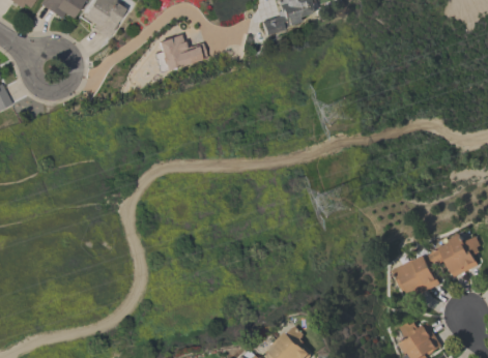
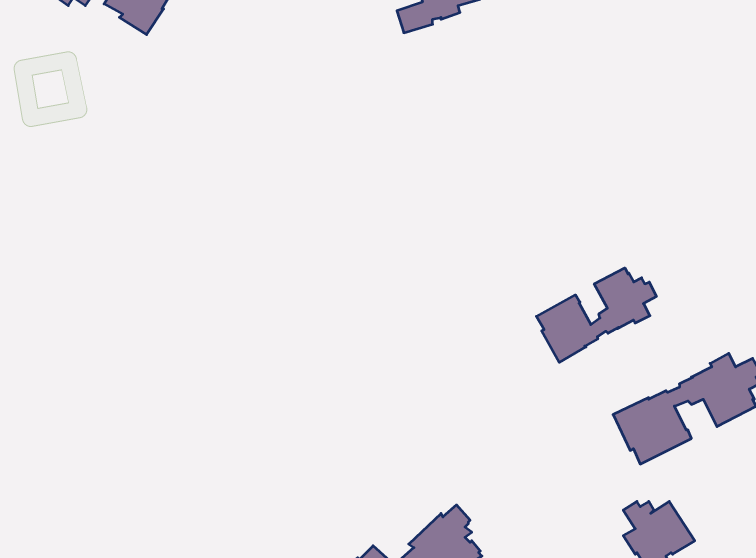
building: [153,36,207,73] -> none
building: none -> [536,268,656,362]

